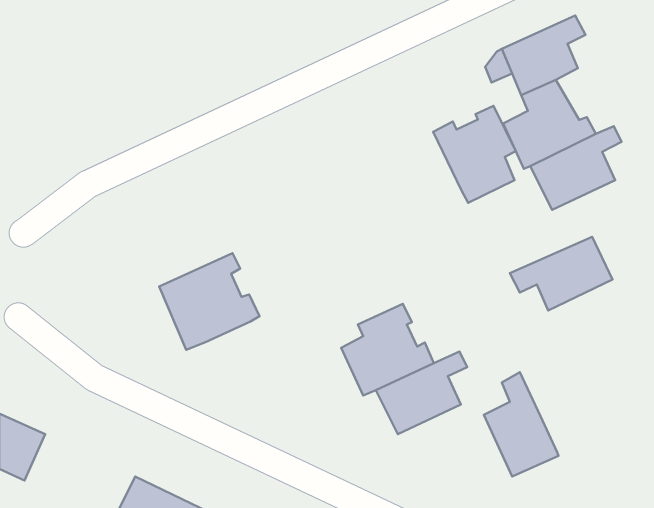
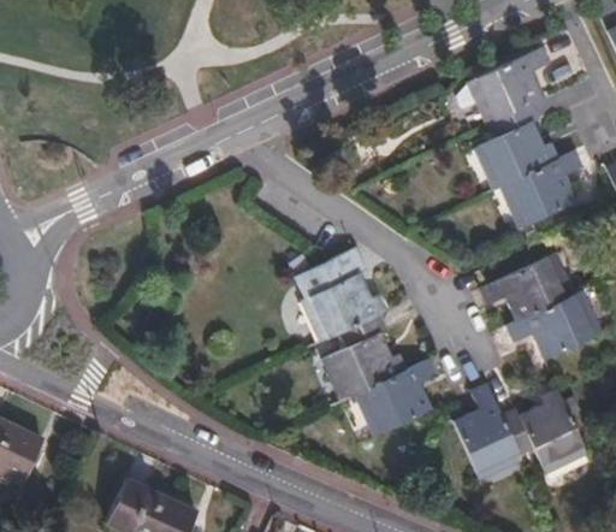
building: [433,106,516,203] -> none
building: [159,253,260,350] -> [294,253,387,343]
building: none -> [507,290,603,359]
building: none -> [508,386,587,473]

